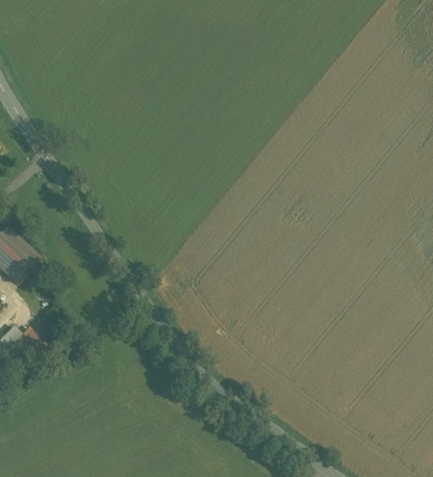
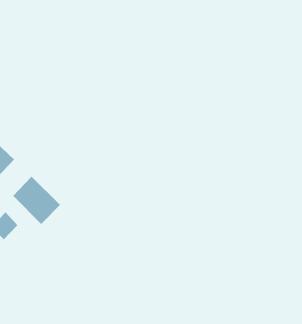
building: none -> [13,176,61,225]

